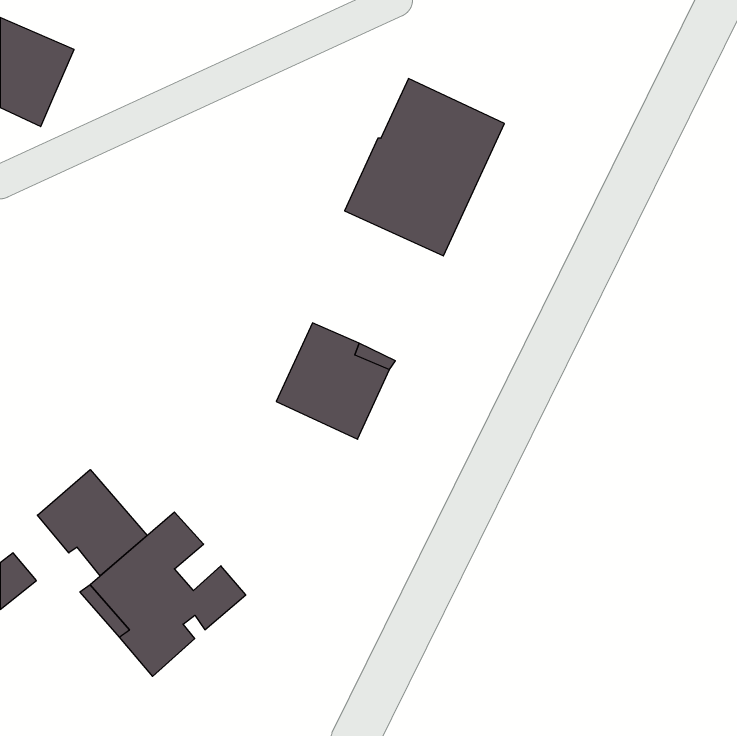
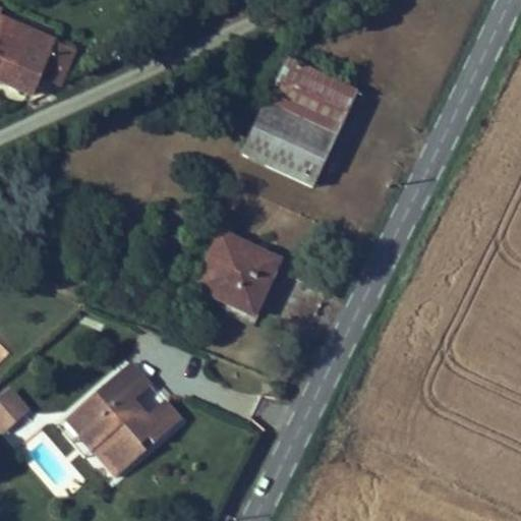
building: none -> [42,40,78,82]
building: [37,470,147,576] -> none

